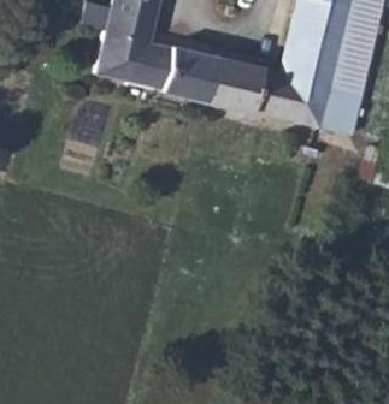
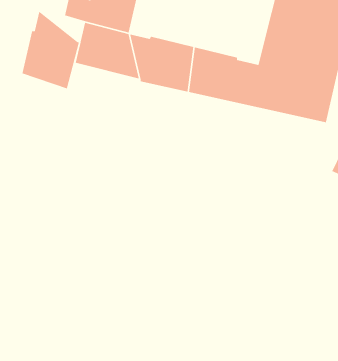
building: none -> [21,11,80,90]

